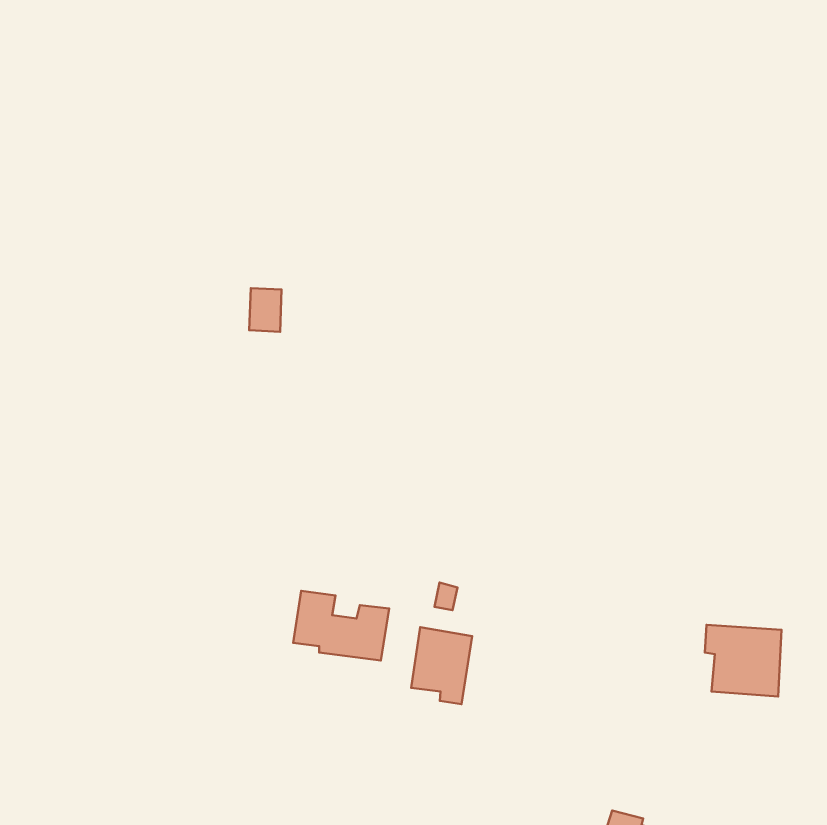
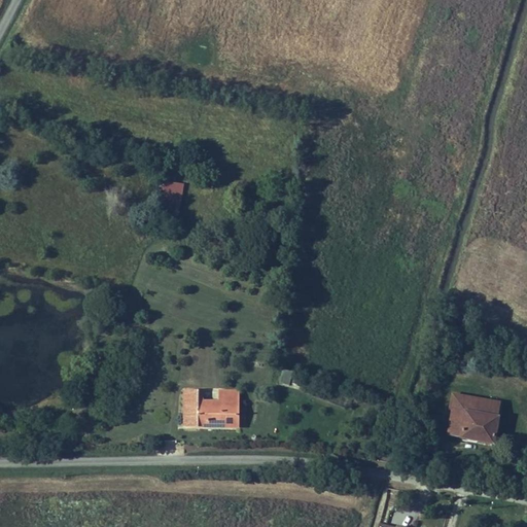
building: [411,627,472,704] -> none

